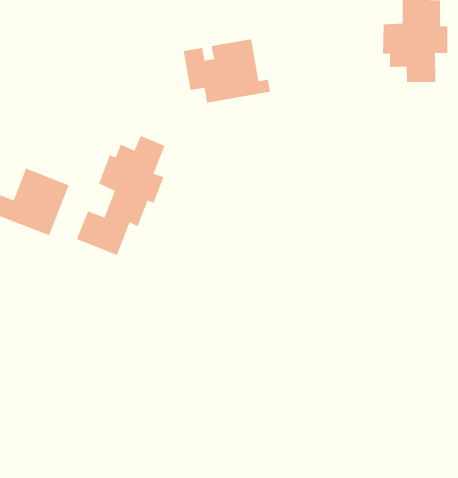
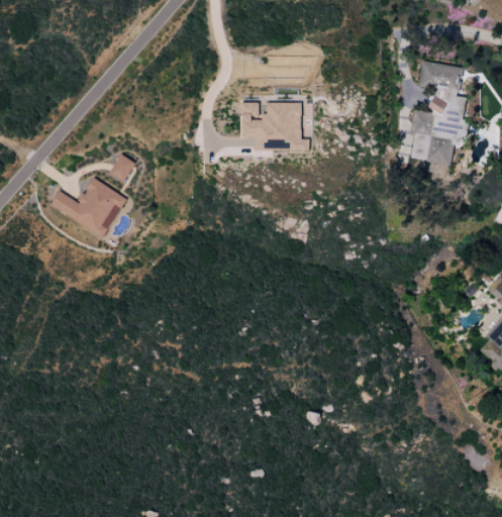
building: [76,135,165,256] -> none
building: none -> [109,153,134,181]

